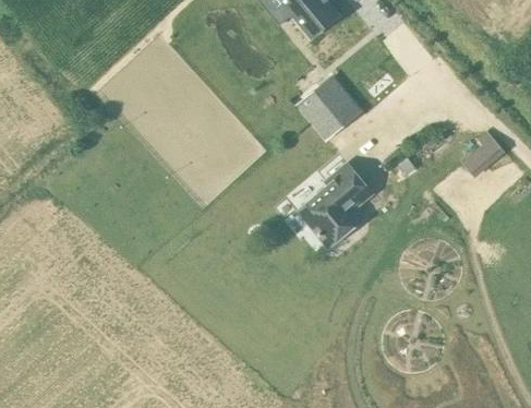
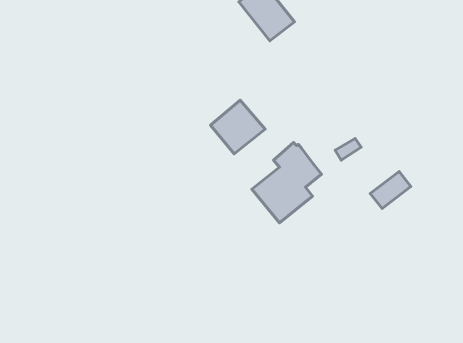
building: [299,75,359,134] -> [210,100,265,154]
building: [460,134,505,175] -> [370,172,411,208]

